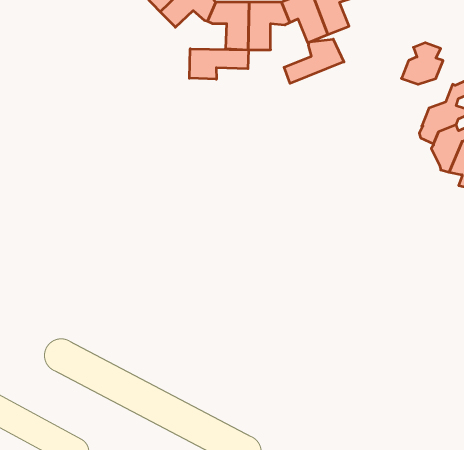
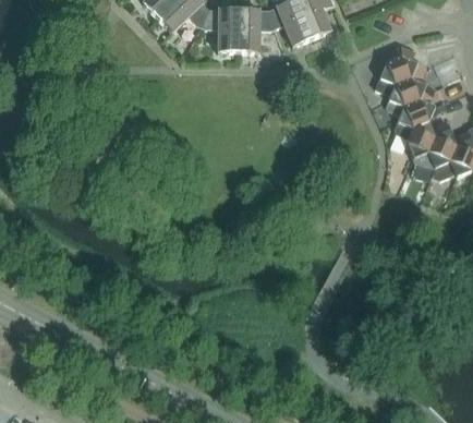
building: [284,39,344,83] -> none
building: [189,49,248,79] -> none
building: none -> [387,62,426,114]

